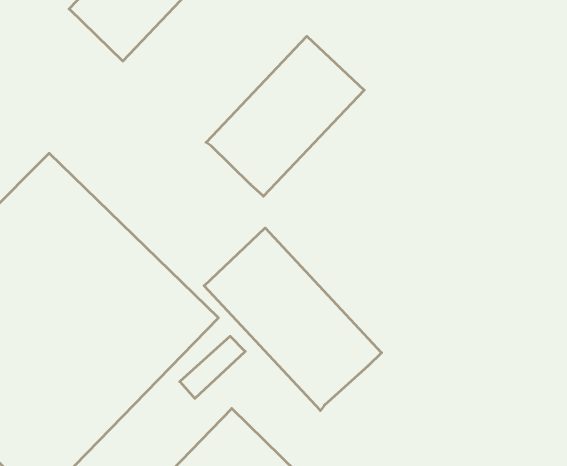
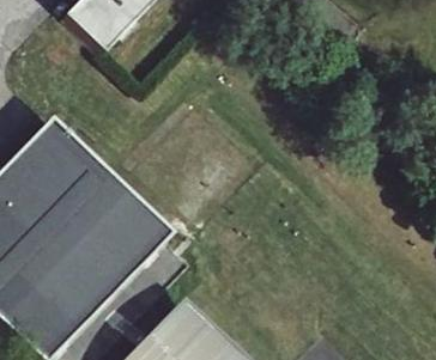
building: [206,36,364,196] -> none
building: [204,228,382,411] -> none

